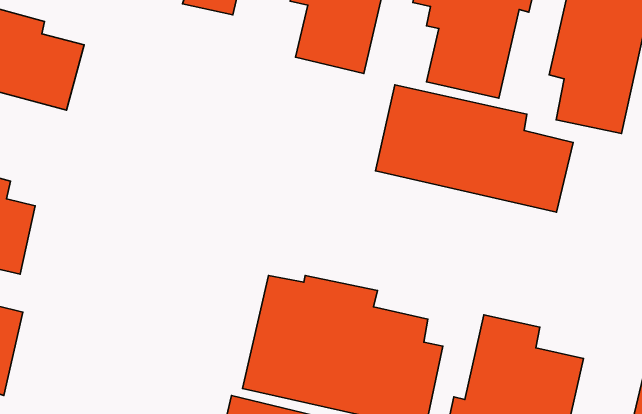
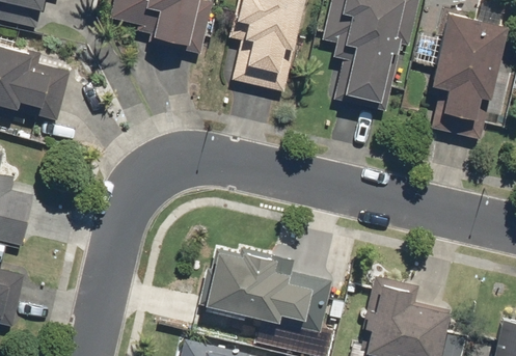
building: [375,85,573,212] -> none

